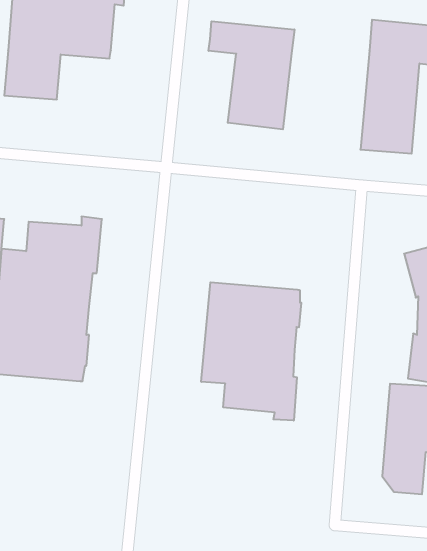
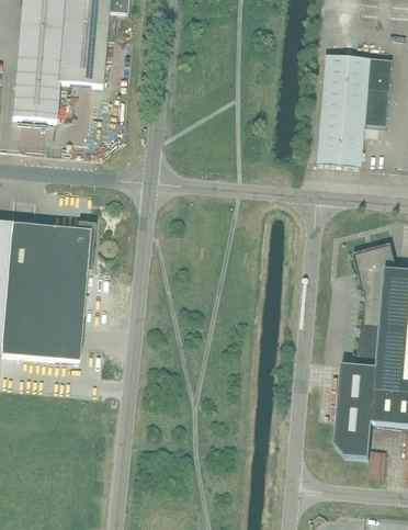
building: [209,21,294,129] -> none
building: [201,282,301,421] -> none

